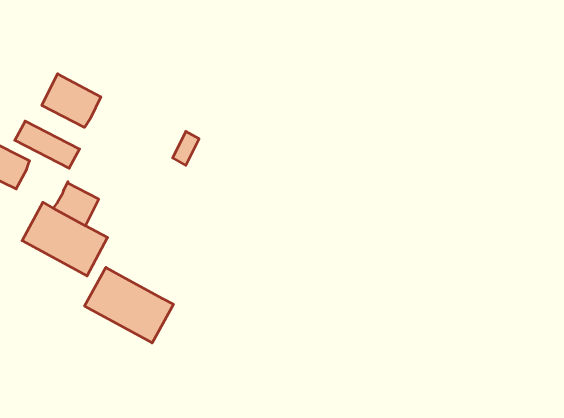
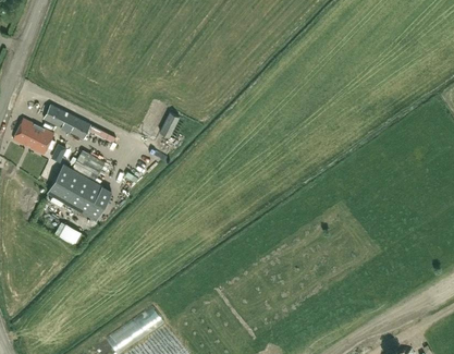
building: [42,74,101,127] -> none
building: [85,267,173,343] -> none

